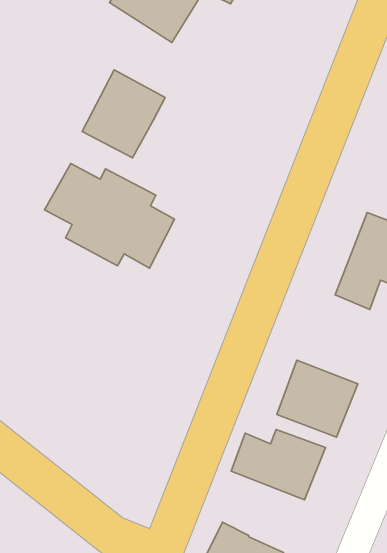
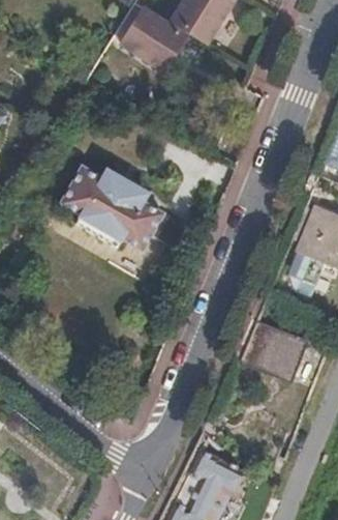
building: [82,70,165,158] -> none
building: [231,430,326,500] -> none

